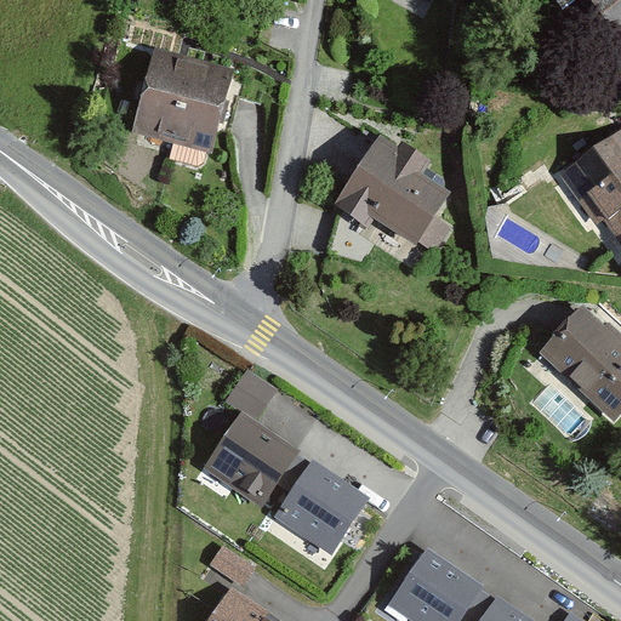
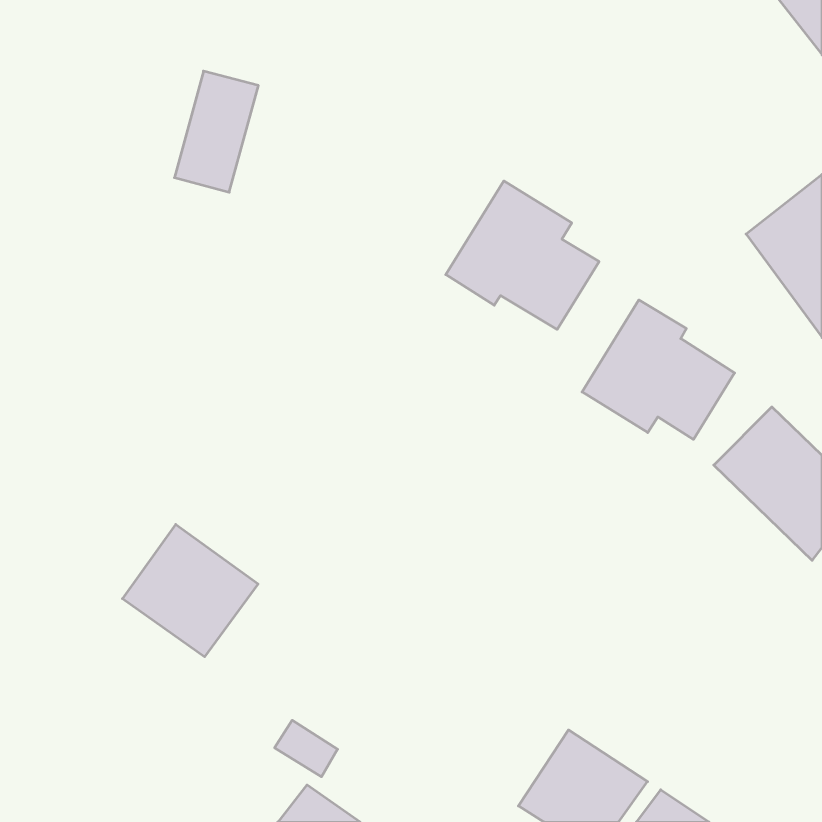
building: [172,64,235,155] -> none
building: none -> [582,300,735,439]
building: [201,409,303,508] -> [122,524,258,657]
building: [275,460,372,556] -> none

